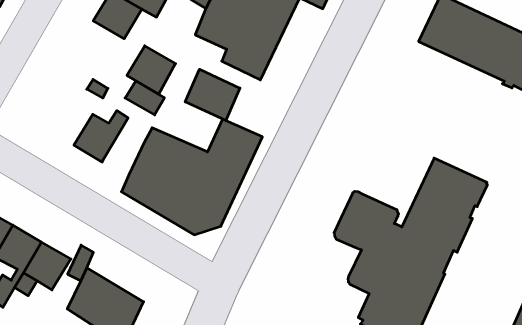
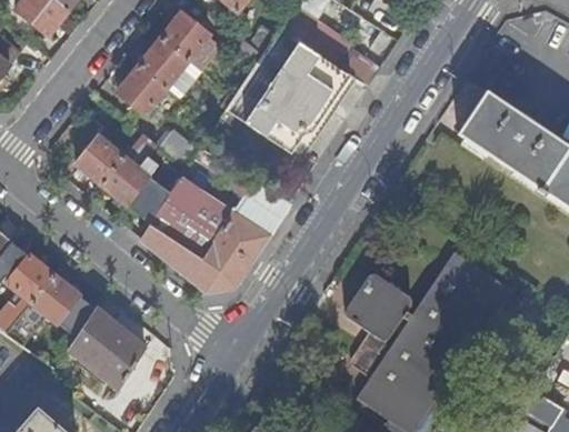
building: [127,46,176,94] -> [117,64,167,114]
building: [185,69,240,121] -> none
building: none -> [76,135,124,184]
building: none -> [128,177,171,222]

